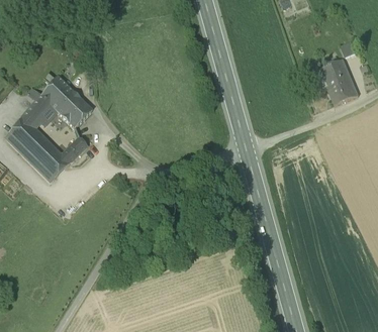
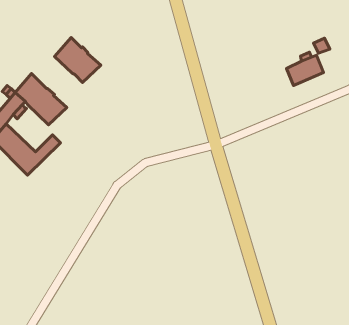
building: none -> [55,38,101,82]
building: [326,77,358,106] -> none

